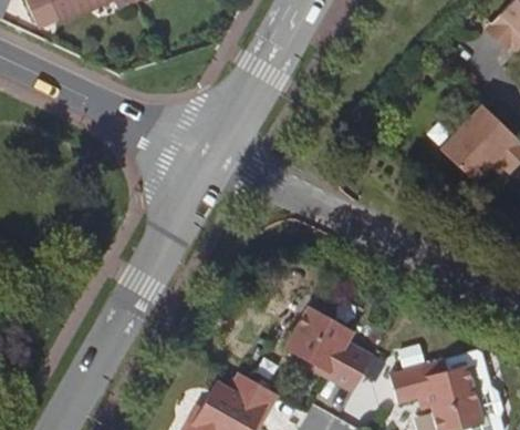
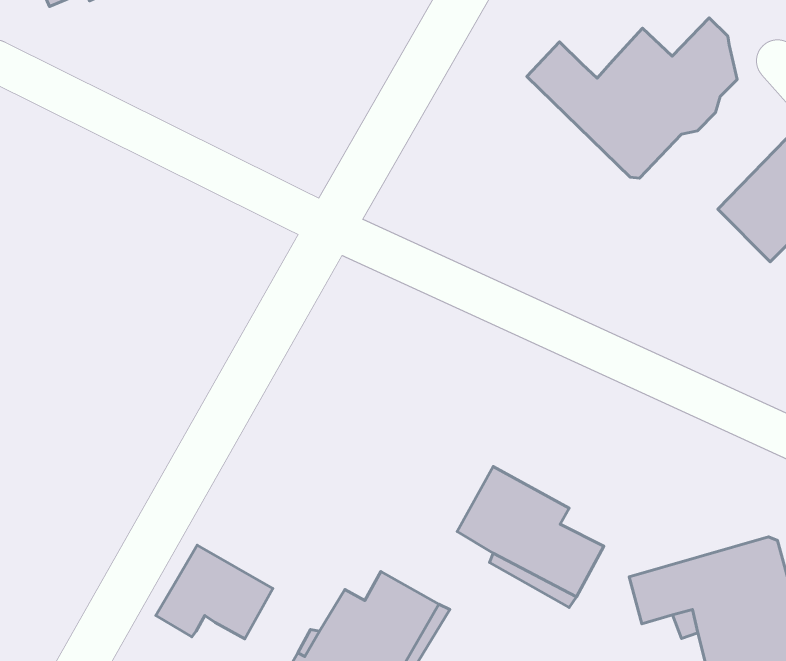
building: none -> [527,18,737,178]
building: none -> [156,545,273,639]

